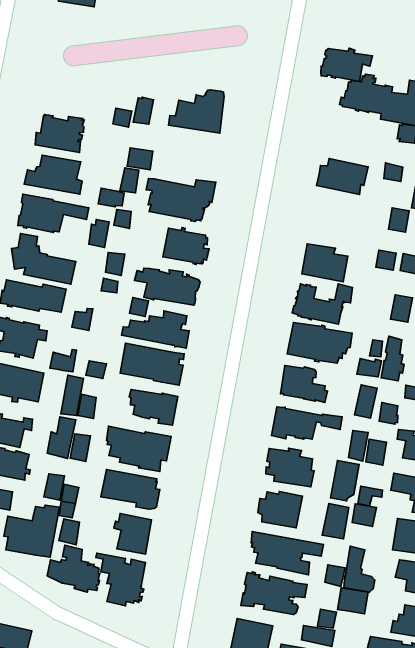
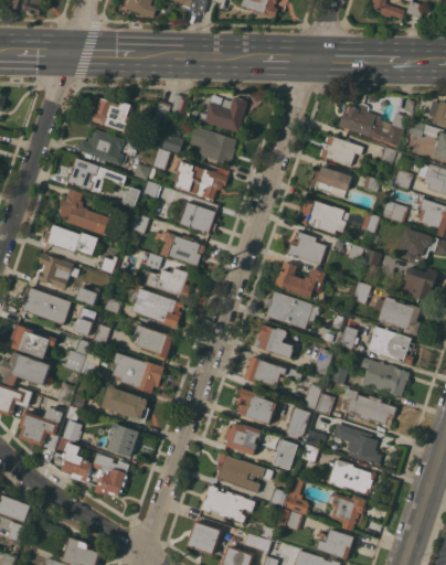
building: [321,48,372,81] -> [320,136,363,166]
building: none -> [185,125,236,164]
building: none -> [301,198,350,234]

